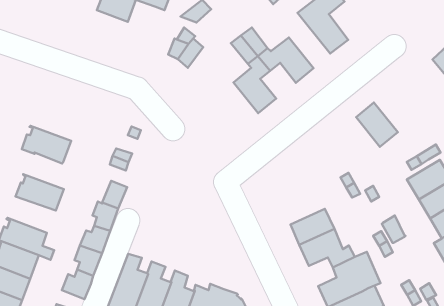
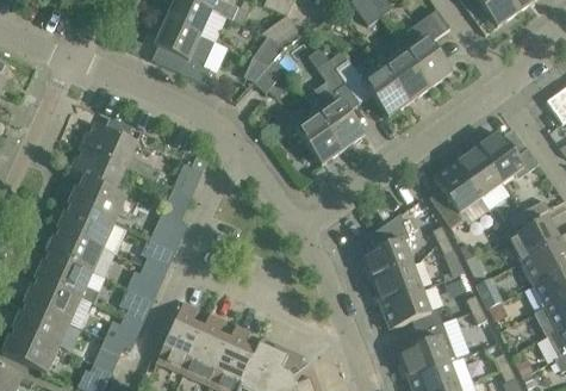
building: none -> [155,19,214,82]
building: none -> [384,49,430,101]
building: none -> [296,112,343,165]
building: none -> [477,128,539,181]
building: none -> [81,123,161,181]
building: none -> [430,161,480,228]
building: none -> [69,178,126,222]
building: none -> [362,212,412,279]
building: none -> [48,226,104,271]

